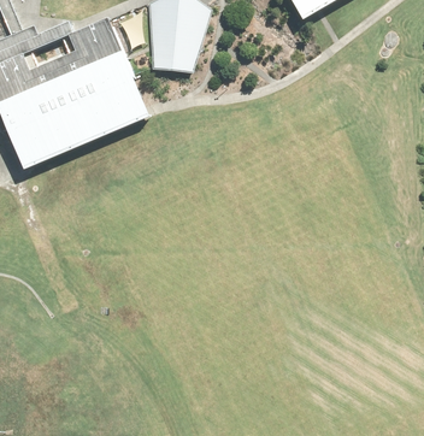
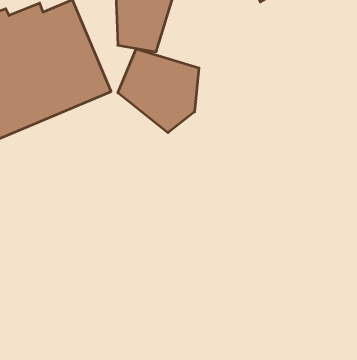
building: none -> [118,49,199,133]

